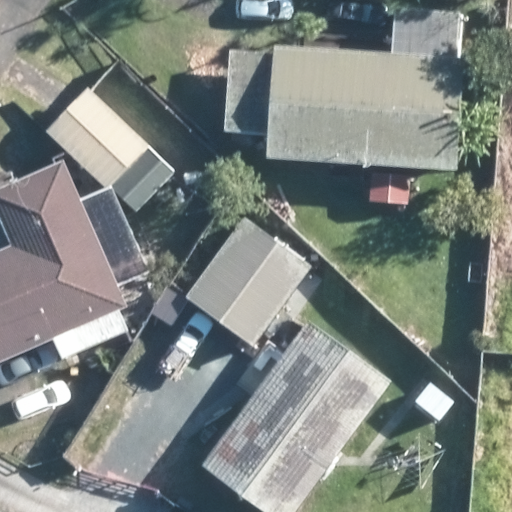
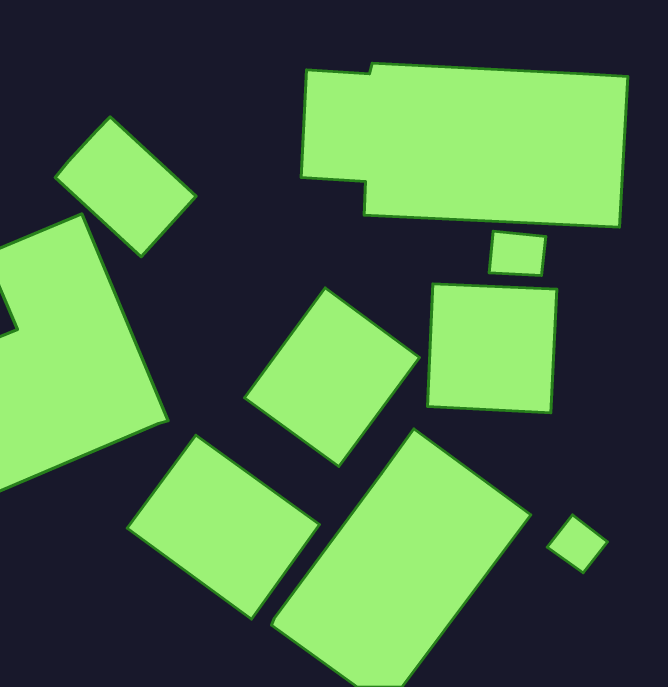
building: none -> [427,284,557,413]
building: none -> [127,435,319,619]

